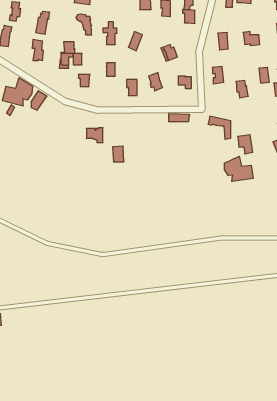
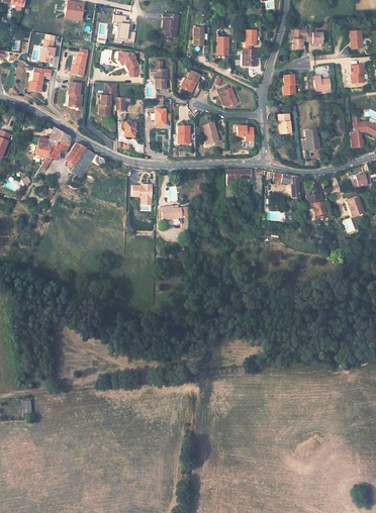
building: [224,156,253,182] -> none

